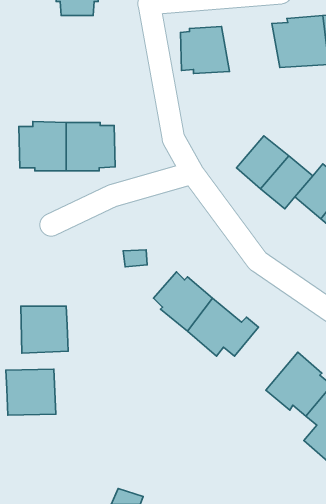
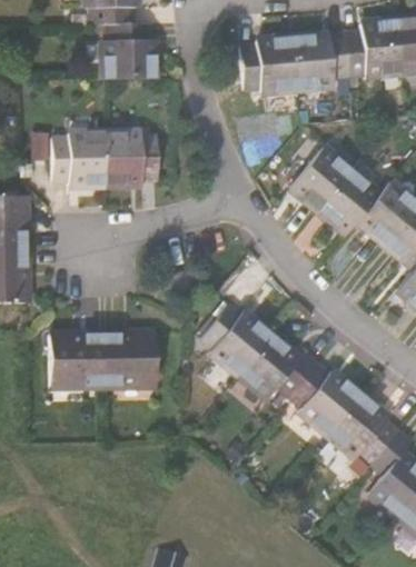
building: none -> [111,18,156,72]
building: none -> [276,27,340,80]
building: none -> [290,364,360,434]
building: [6,369,56,415] -> [103,339,159,390]

